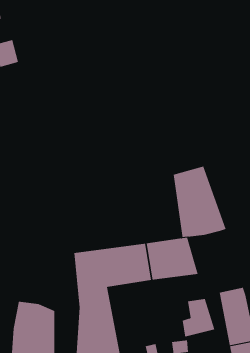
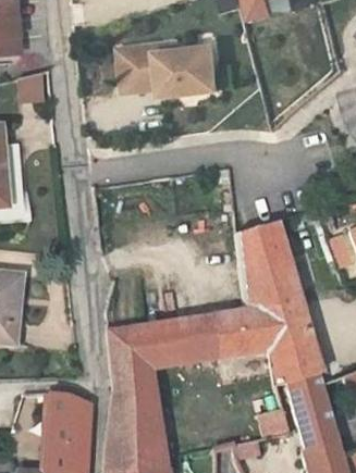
building: none -> [120,42,219,94]
building: none -> [255,302,323,384]

